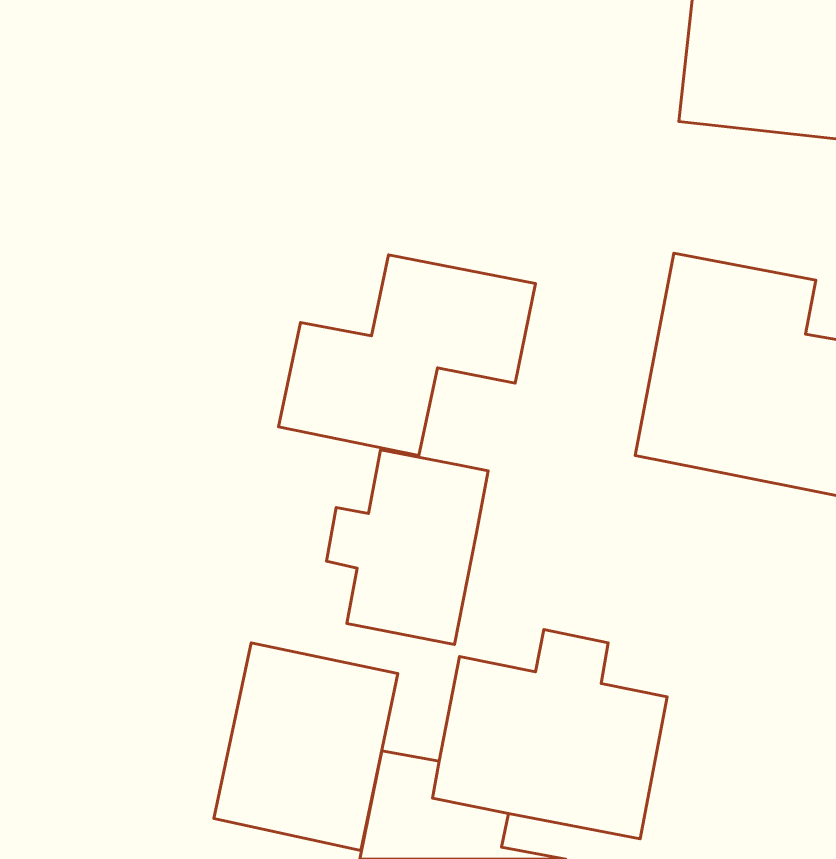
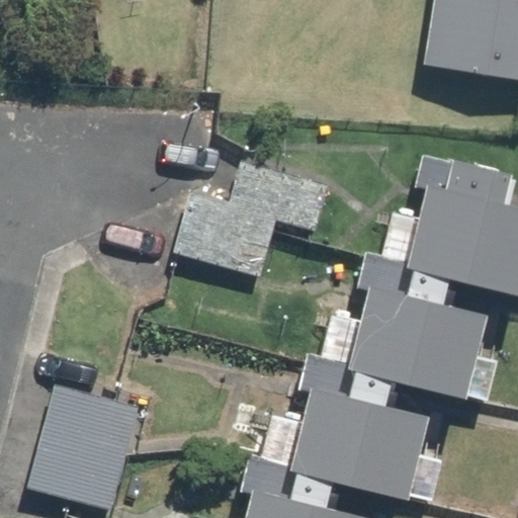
building: none -> [342,267,474,401]
building: [327,450,488,645] -> none
building: [214,643,398,851] -> [34,385,145,510]

